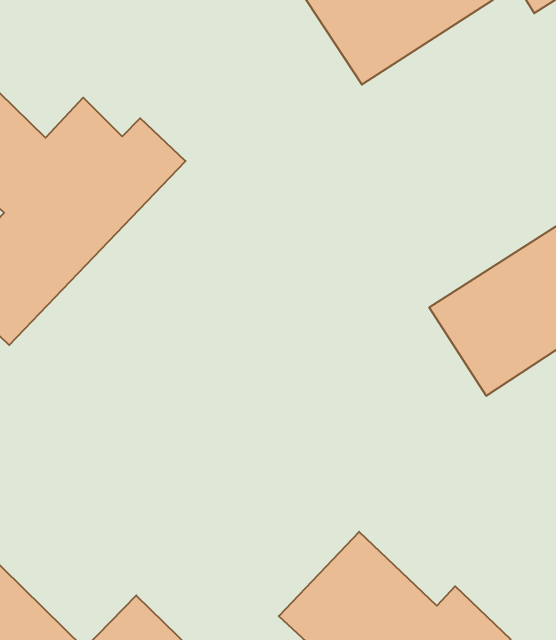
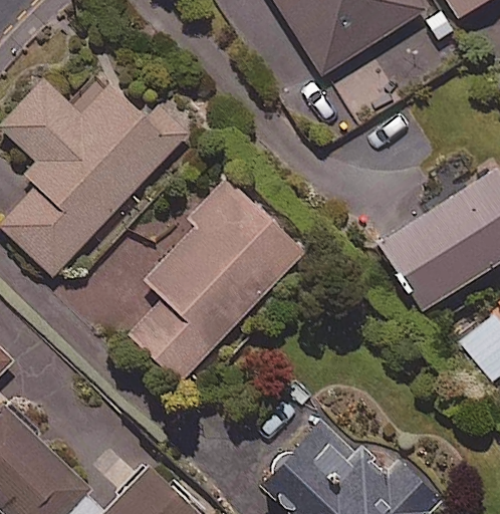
building: none -> [128,179,302,382]

